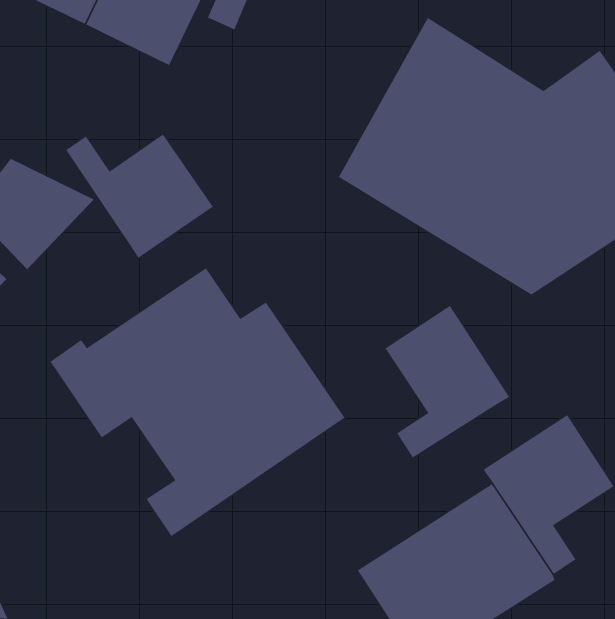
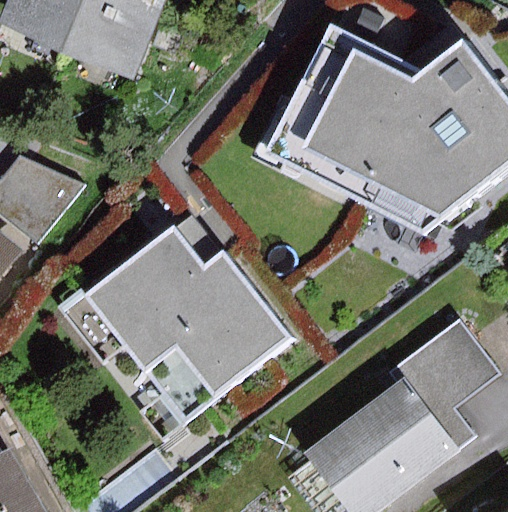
building: [65,133,214,259] -> none
building: [384,305,510,458] -> none

